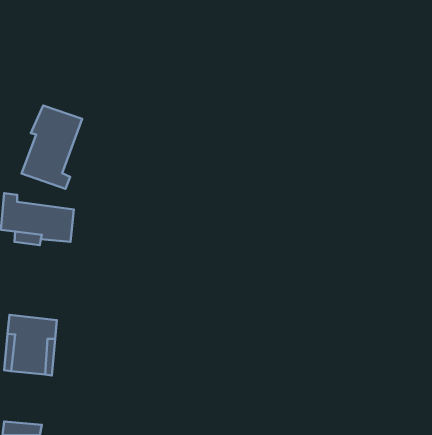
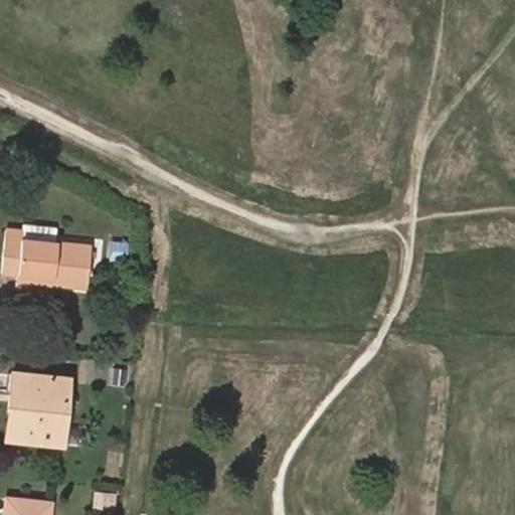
building: [21,105,82,189] -> none

